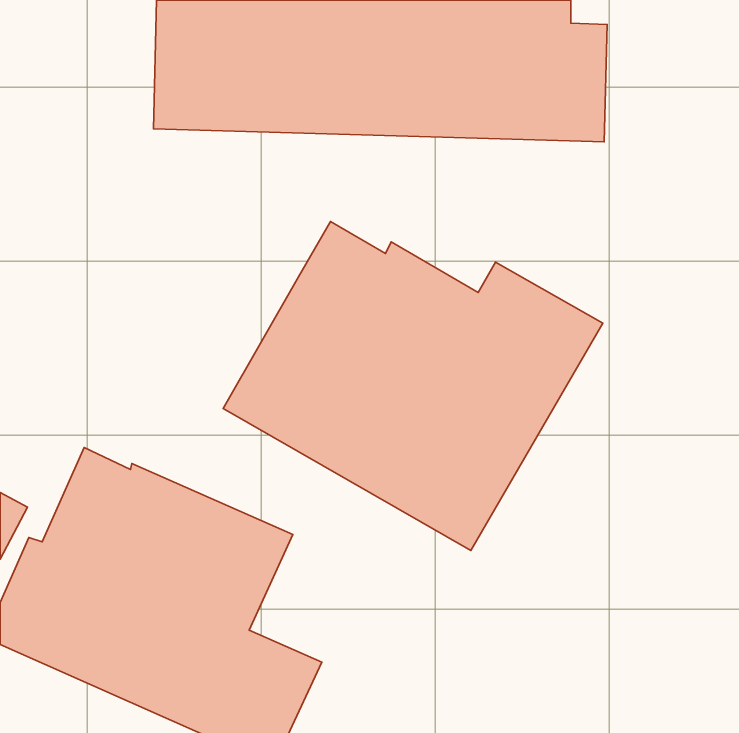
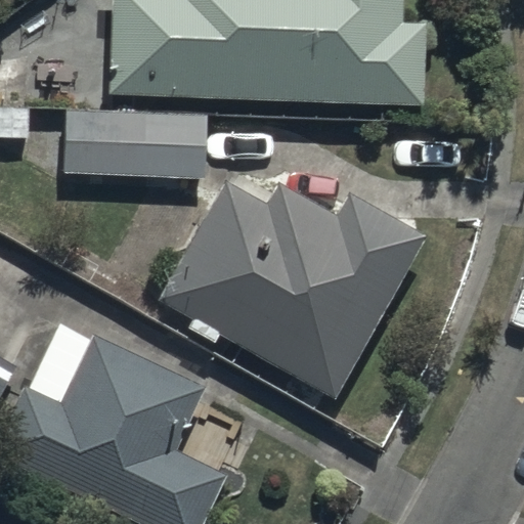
building: none -> [59,112,207,181]

